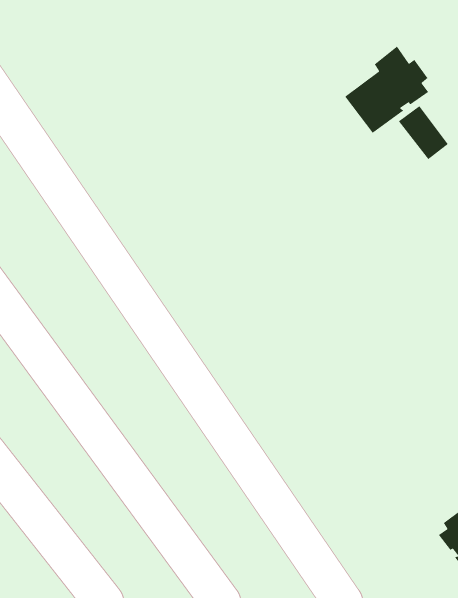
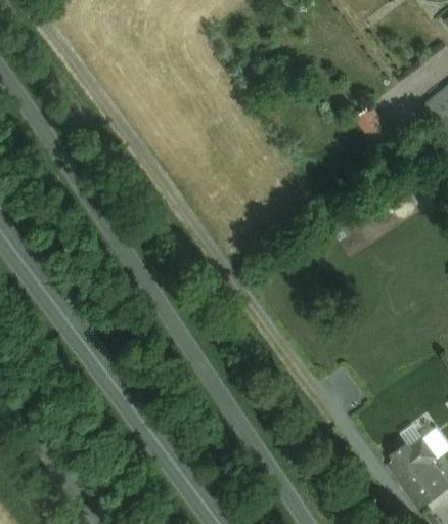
building: [344,46,429,134] -> none

